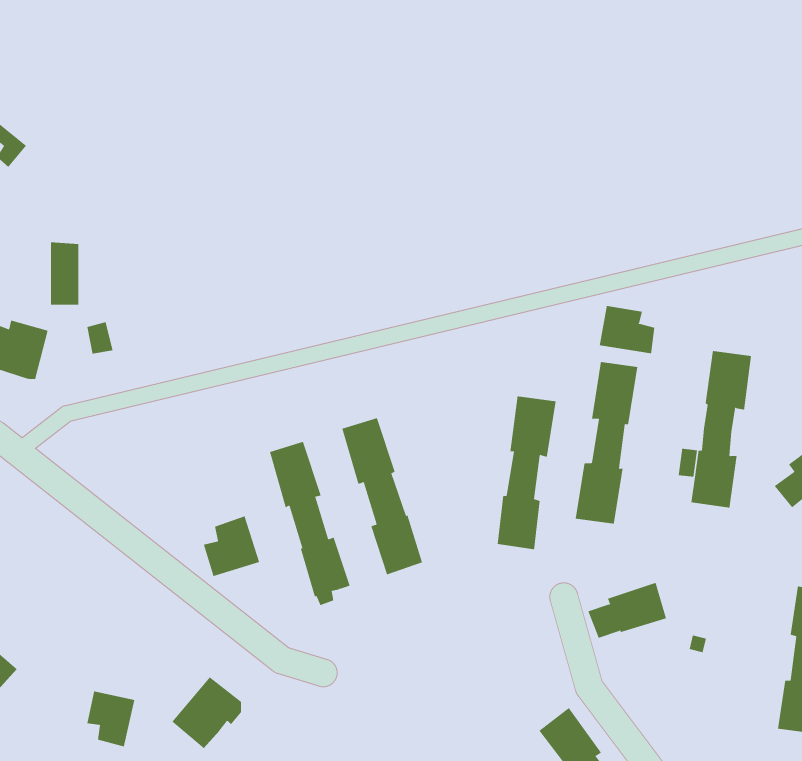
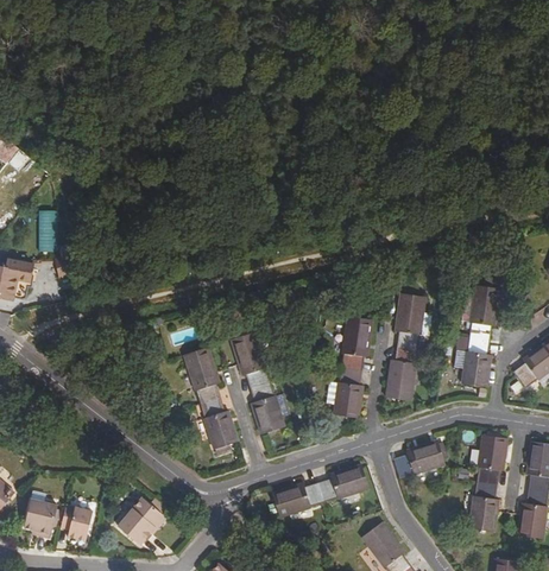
building: [599,305,655,354] -> none
building: [203,515,260,577] -> none
building: none -> [468,433,507,529]
building: none -> [270,462,368,514]
building: none -> [25,501,59,541]

